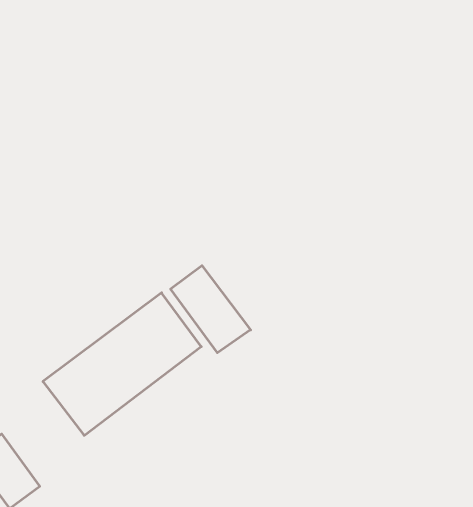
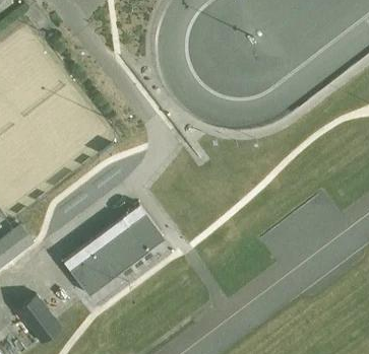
building: [171,266,251,353] -> none

